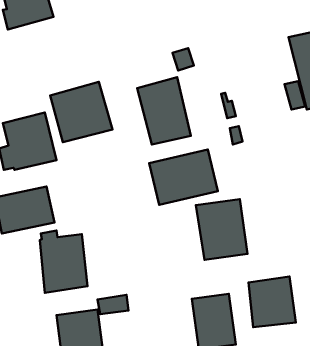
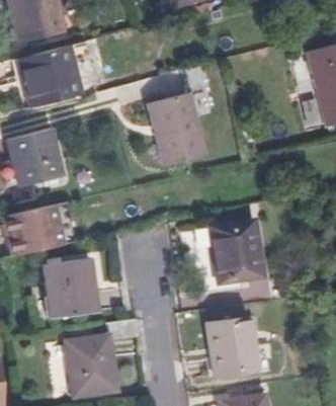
building: [50,82,113,142] -> [18,48,83,110]
building: [149,150,218,205] -> none
building: [249,277,296,327] -> none

